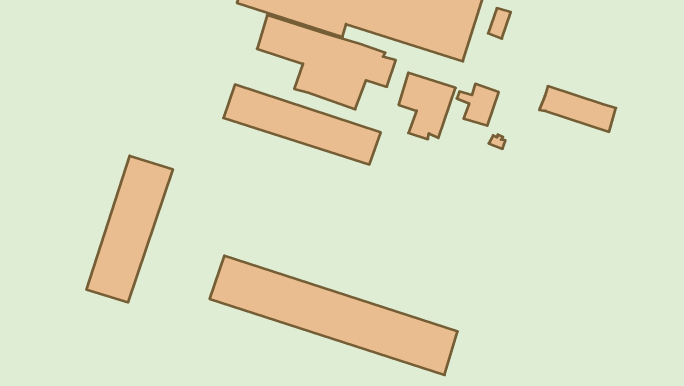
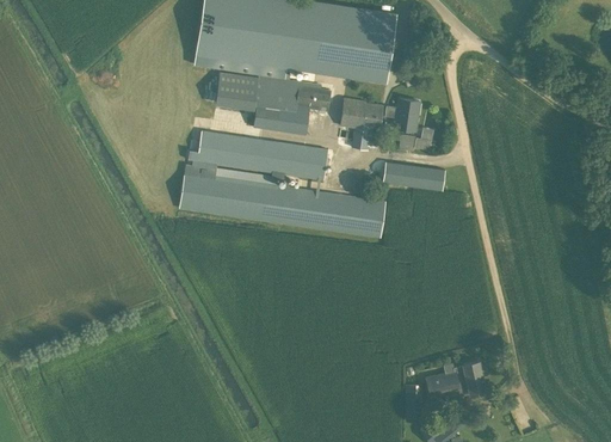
building: [539,86,616,132] -> [382,161,444,190]
building: [87,156,173,302] -> none
building: [210,256,458,375] -> [178,171,384,238]

